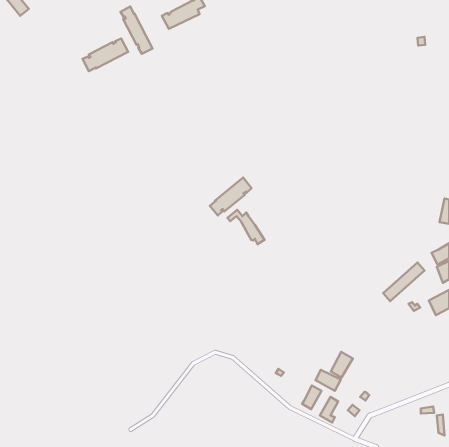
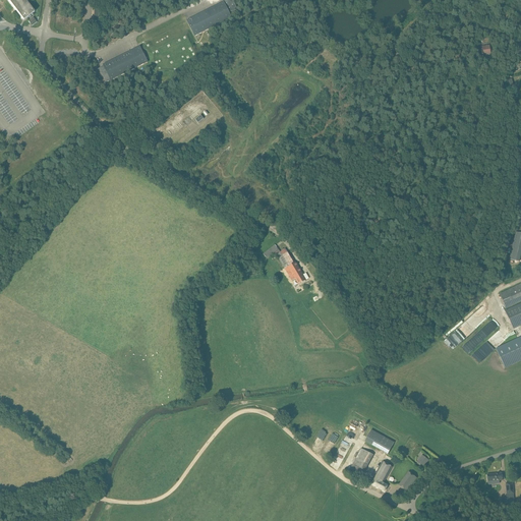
building: [120,7,152,54] -> none
building: [210,178,251,215] -> none
building: [331,352,353,378] -> none

